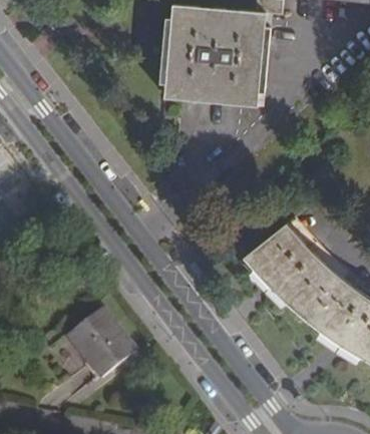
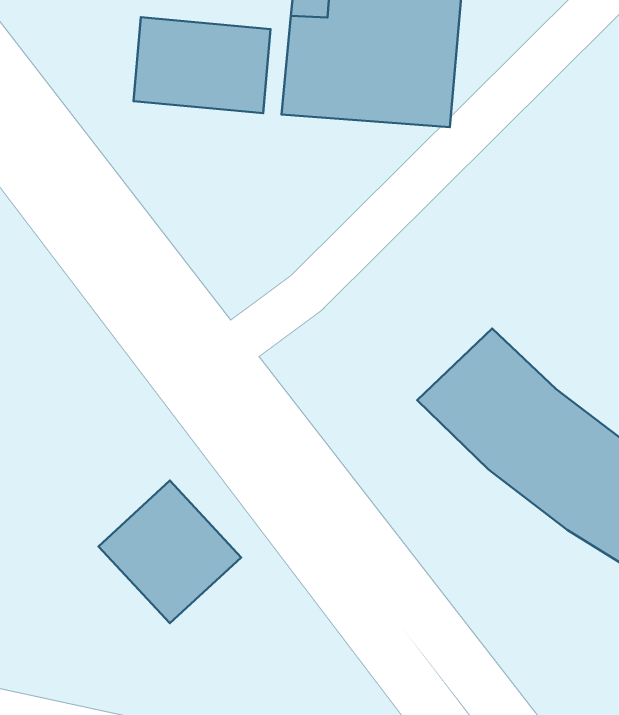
building: none -> [133,17,271,113]

